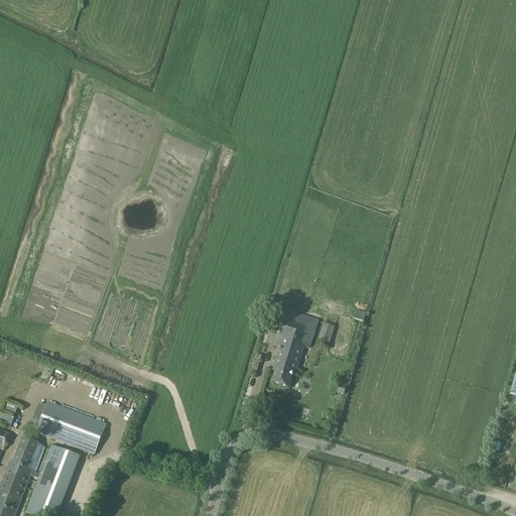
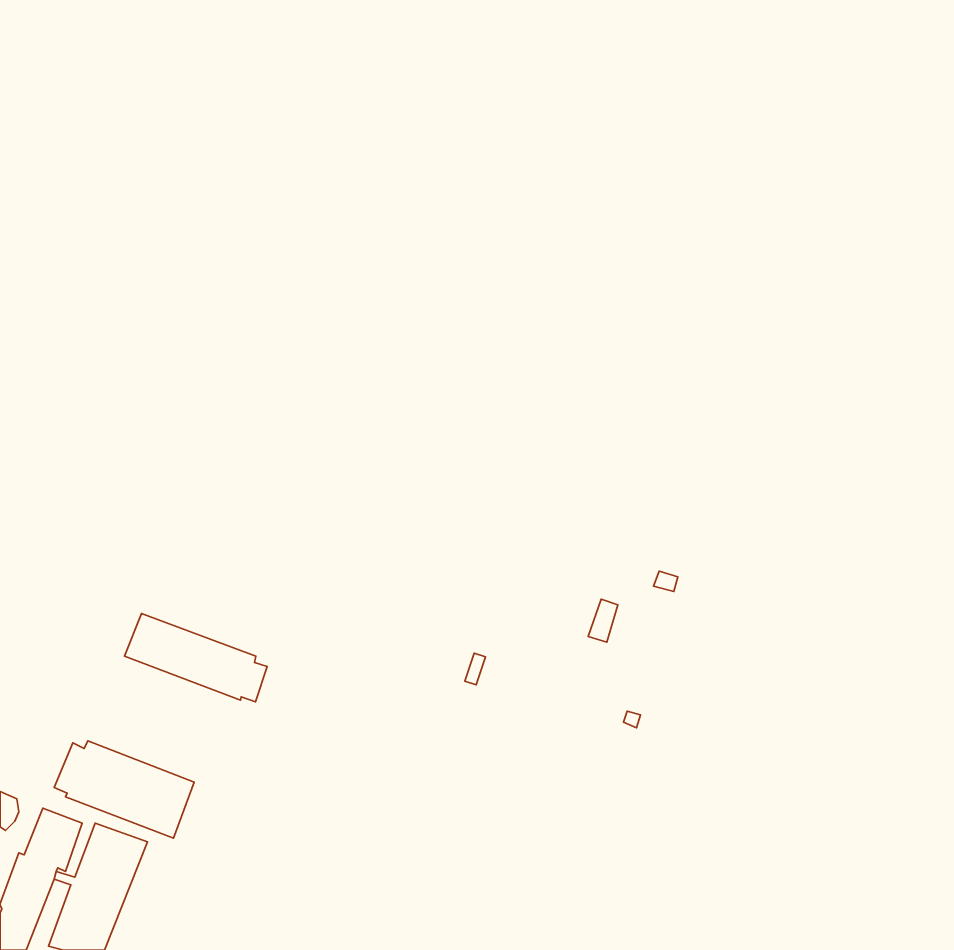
building: [272,309,317,385] -> none
building: none -> [125,613,267,702]

